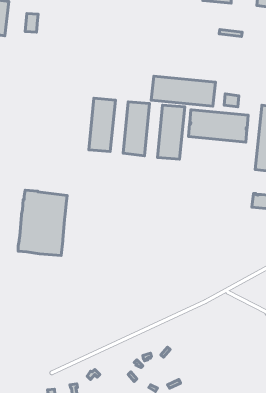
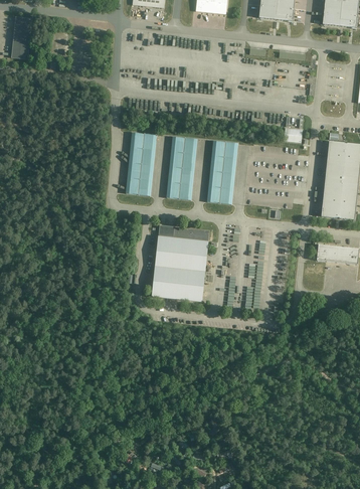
building: [151,76,216,106] -> none
building: [189,110,248,142] -> none
building: [18,190,67,255] -> [152,224,209,301]

